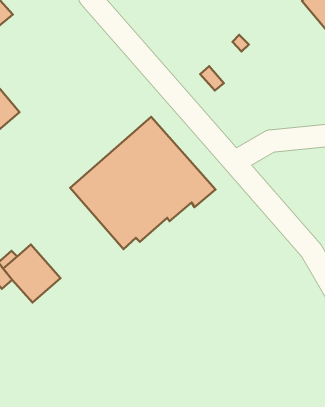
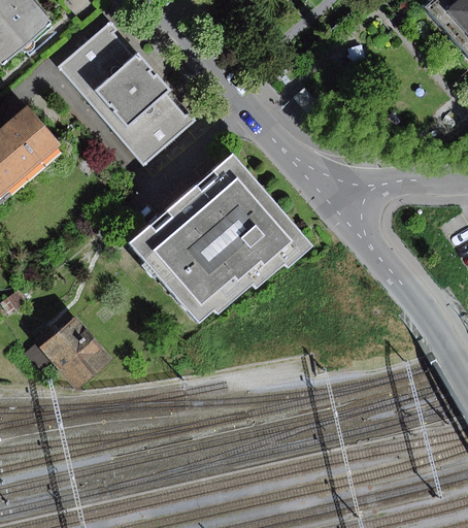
building: none -> [57,22,199,168]

